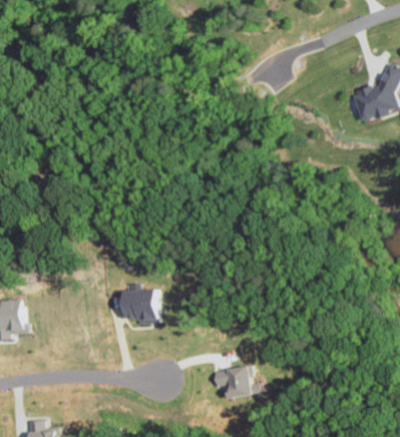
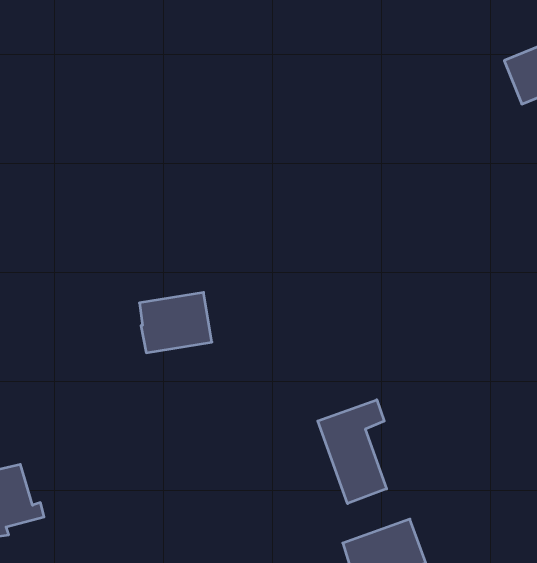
building: none -> [318,400,387,504]
building: [118,289,160,321] -> [139,292,212,353]

